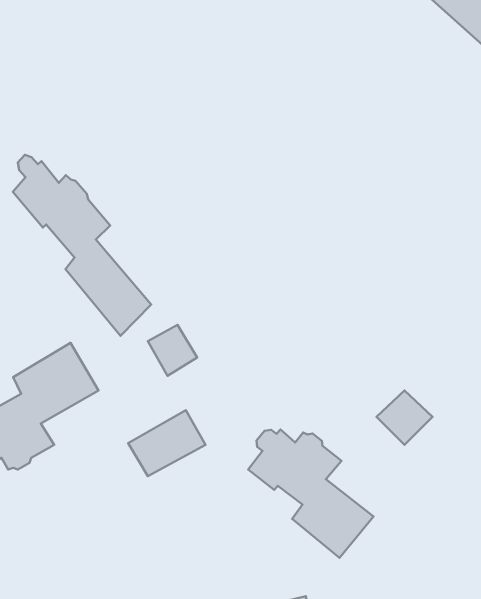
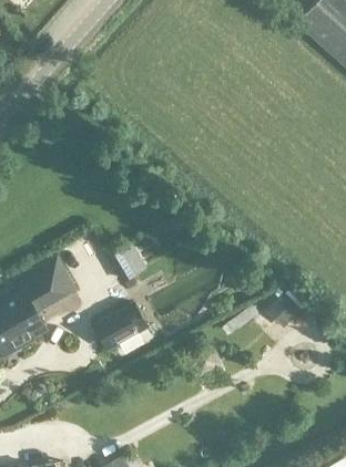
building: [13,155,151,336] -> none
building: [248,430,373,558] -> none

